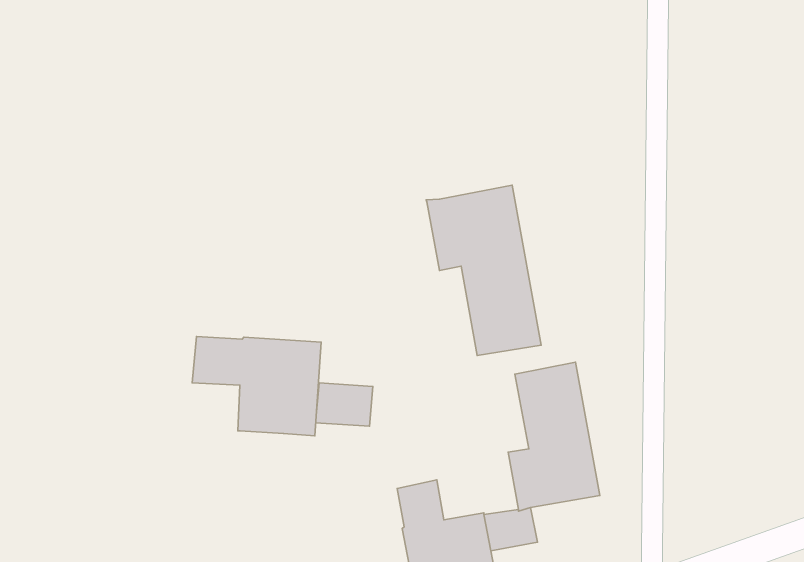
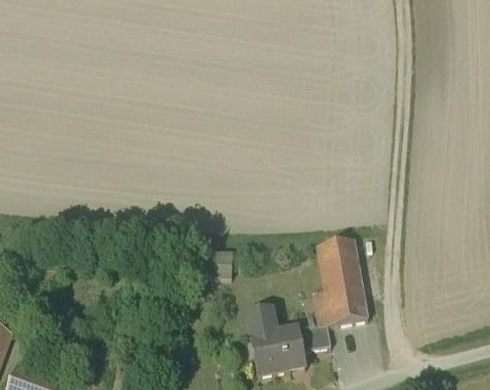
building: [426,185,541,356] -> none
building: [192,337,321,436] -> none

